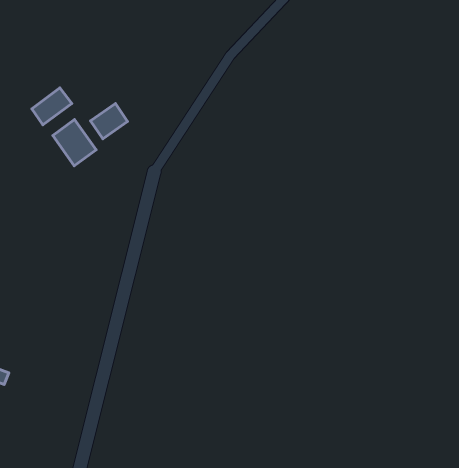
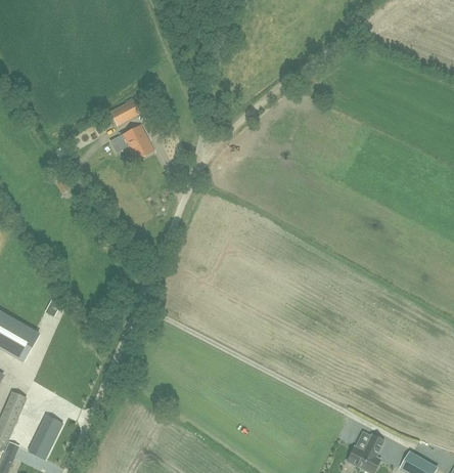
building: [91,103,128,139] -> none

